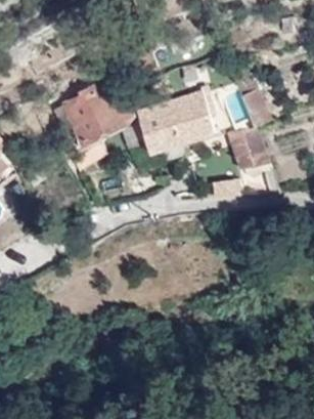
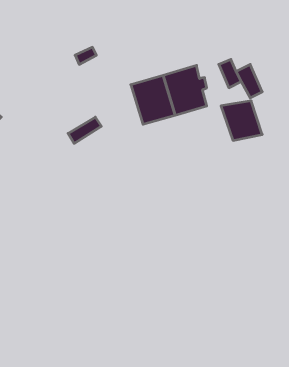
building: [65,82,133,142] -> none

